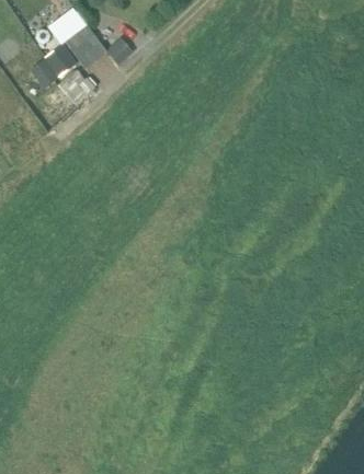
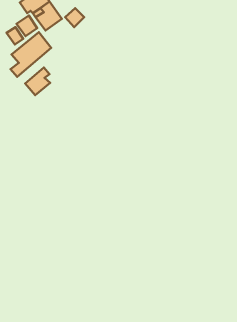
building: none -> [25,68,50,95]

